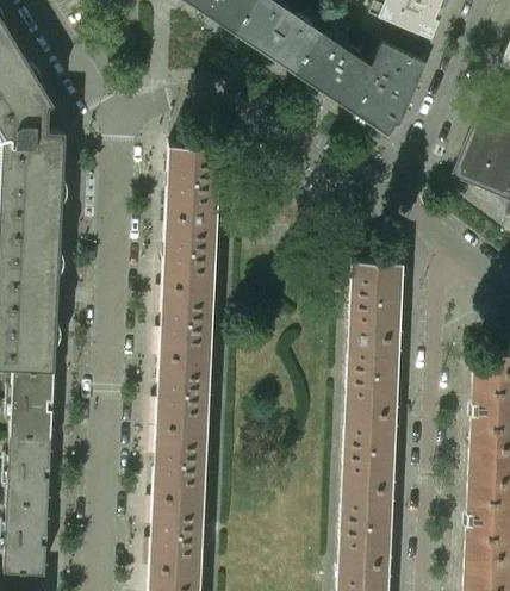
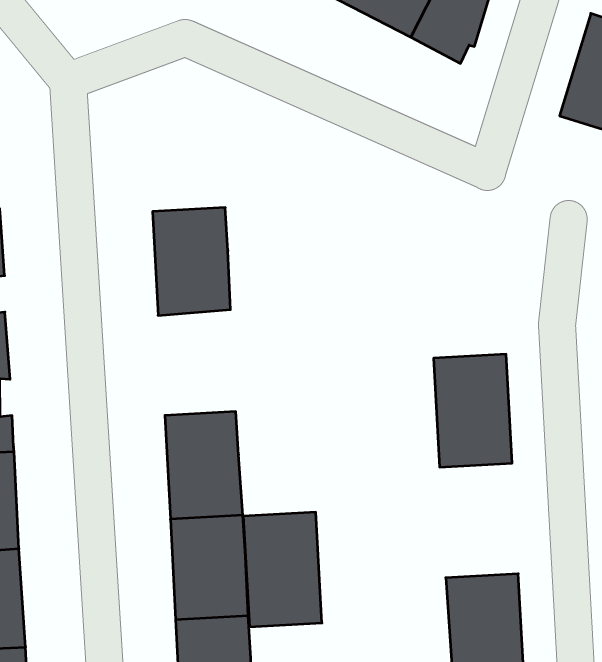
building: [167,142,220,217] -> none
building: [349,261,403,337] -> none
building: [161,286,213,357] -> none
building: [342,410,396,489] -> [243,512,322,627]

